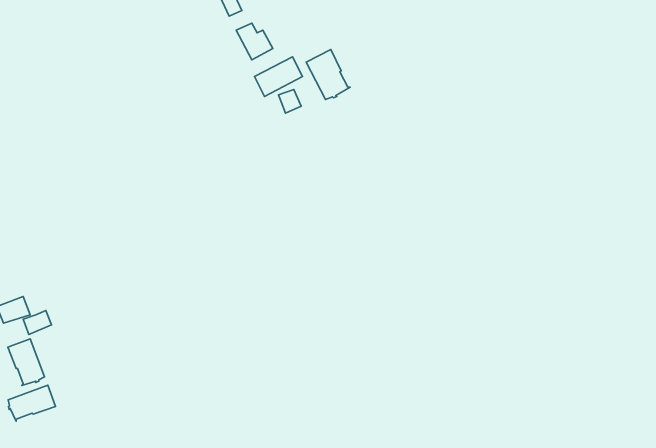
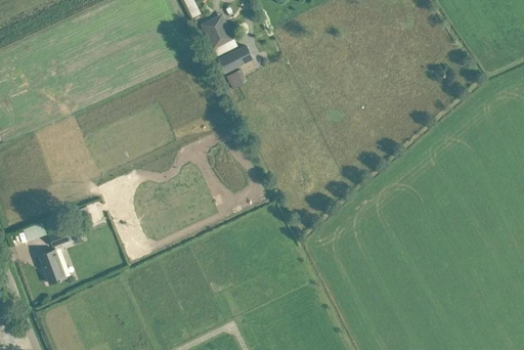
building: [306,49,350,100] -> none
building: [8,385,56,421] -> none

